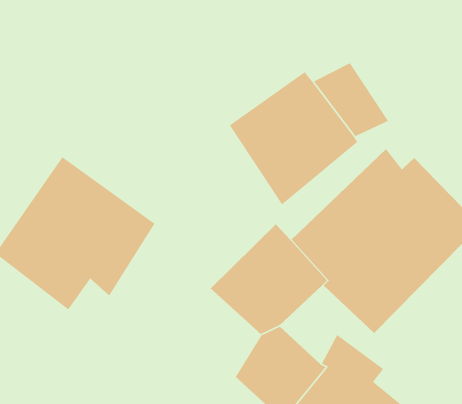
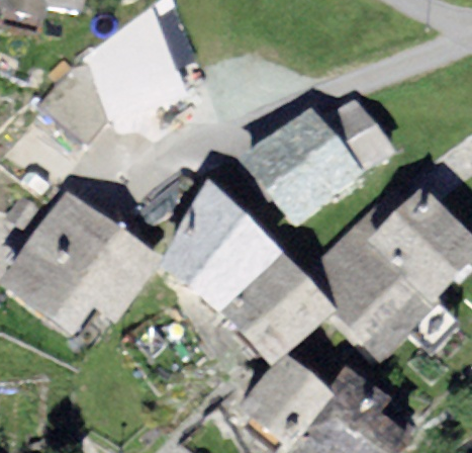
building: none -> [36,32,175,139]
building: none -> [159,175,283,319]

